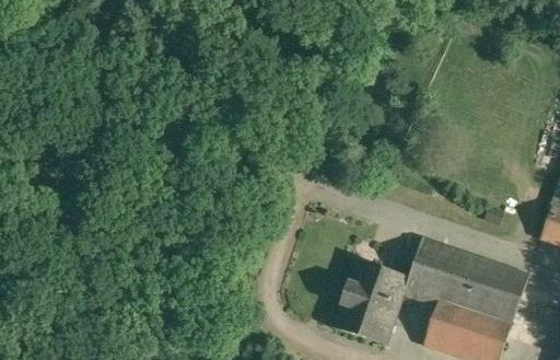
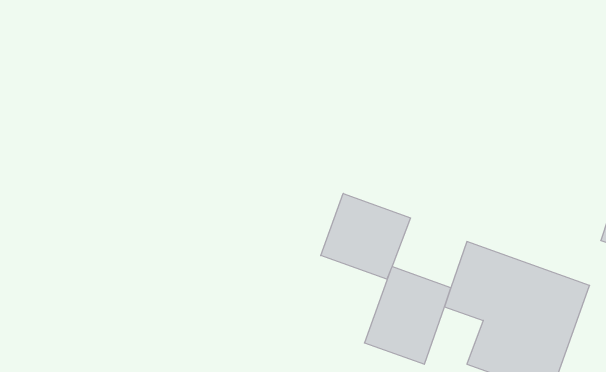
building: none -> [321,193,410,279]

